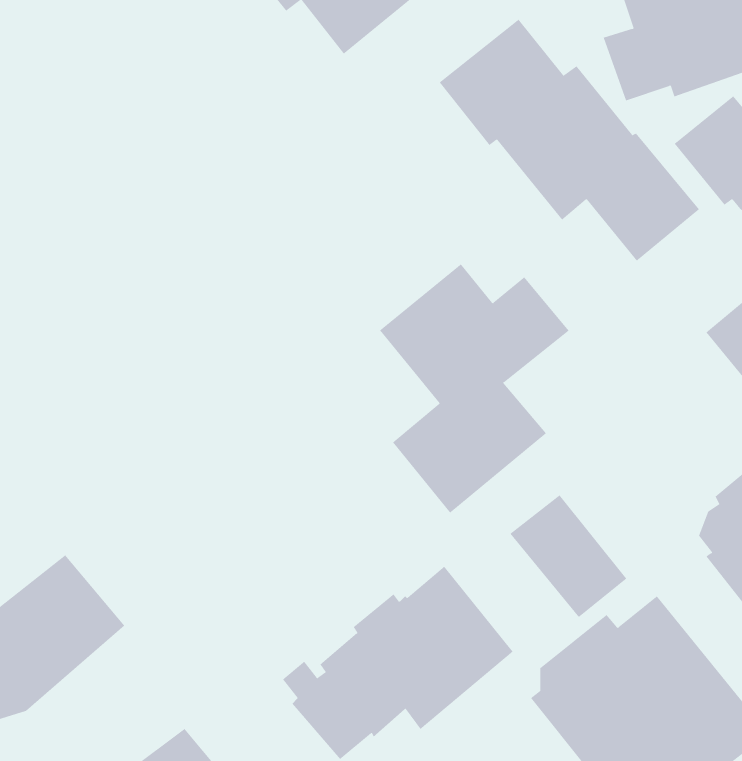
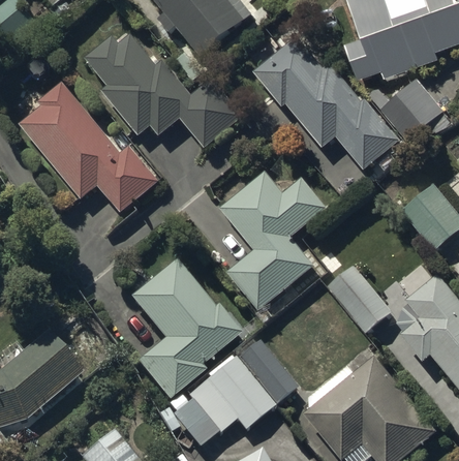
building: none -> [85,33,242,146]
building: none -> [19,82,158,212]
building: none -> [128,260,239,399]
building: [509,495,627,618] -> [327,265,392,333]

